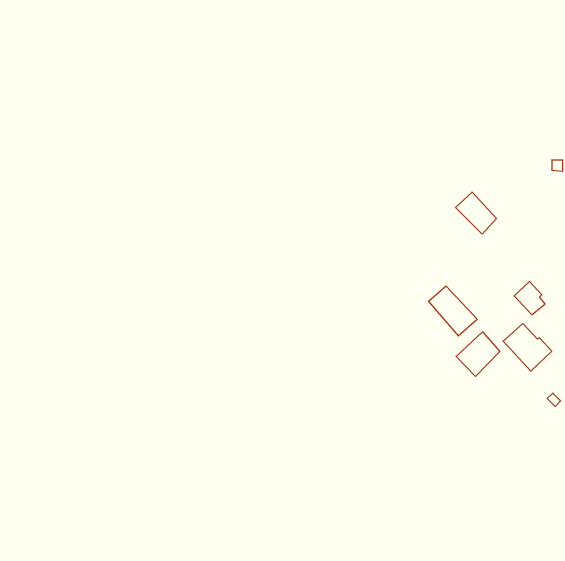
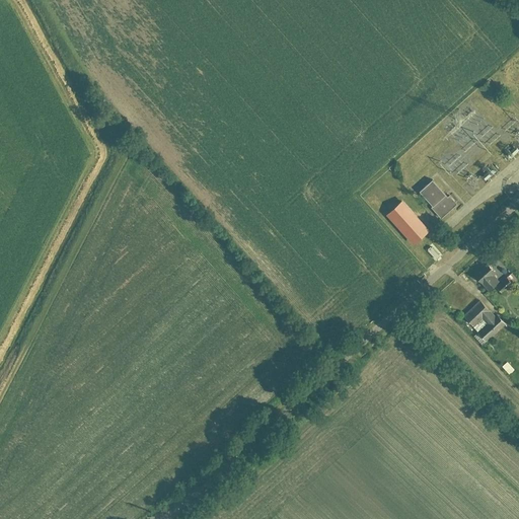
building: [428,286,477,336] -> [385,201,430,246]
building: [456,332,500,376] -> none

